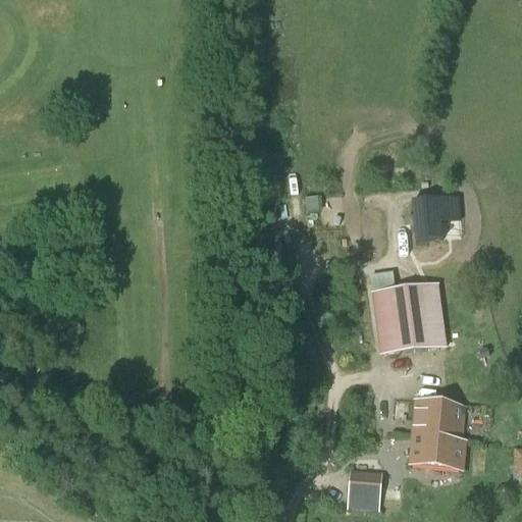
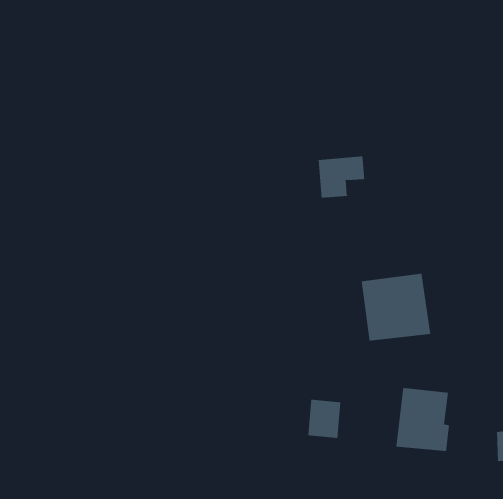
building: [412,195,461,239] -> [318,156,365,198]
building: [348,469,382,510] -> [308,399,341,439]

